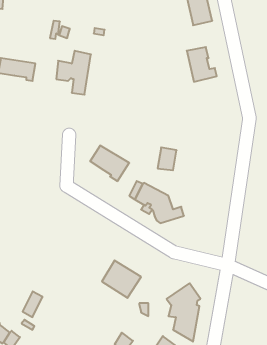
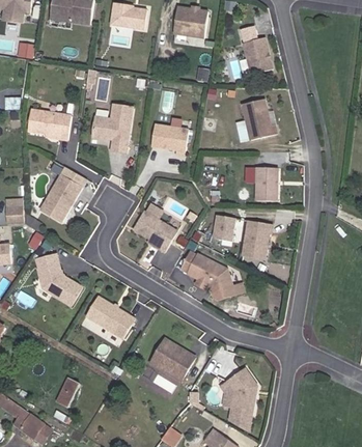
building: none -> [151,124,190,156]
building: none -> [253,165,277,200]
building: none -> [40,175,82,222]
building: none -> [238,219,268,258]
building: none -> [35,255,79,306]
building: none -> [84,300,132,341]

